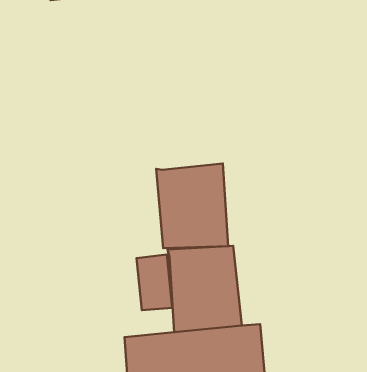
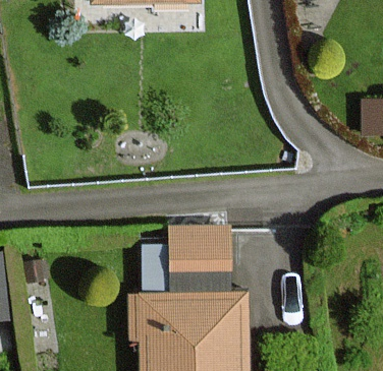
building: [156,164,228,248] -> none

